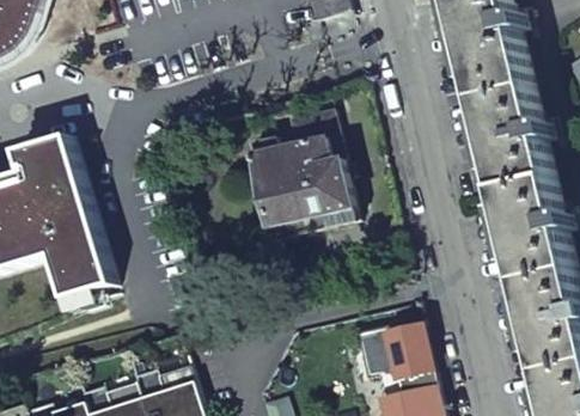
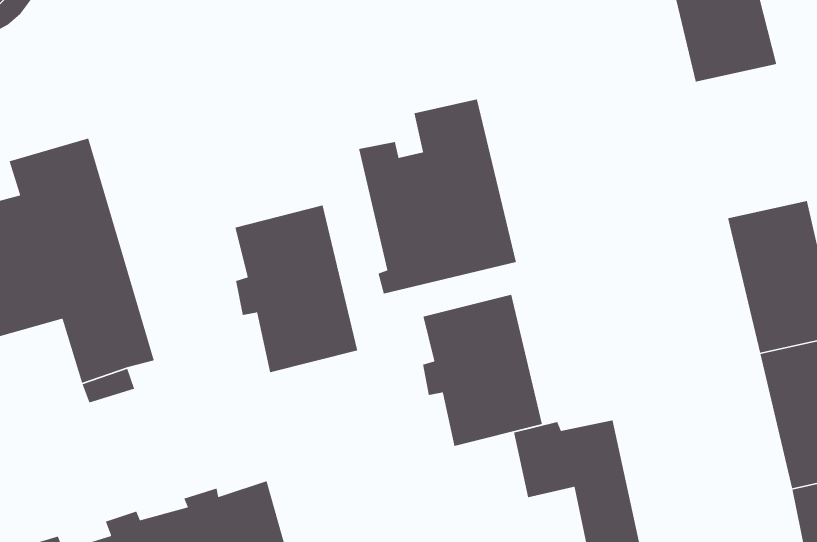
building: [475,87,550,190] -> none
building: none -> [235,205,358,373]
building: none -> [422,294,543,447]

